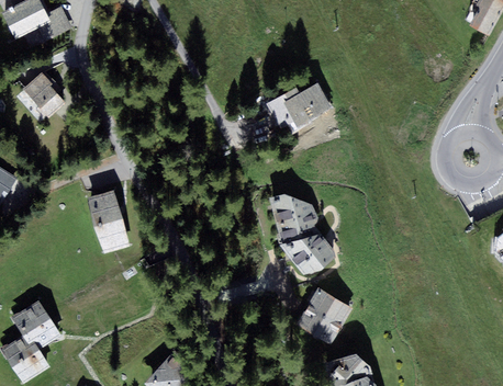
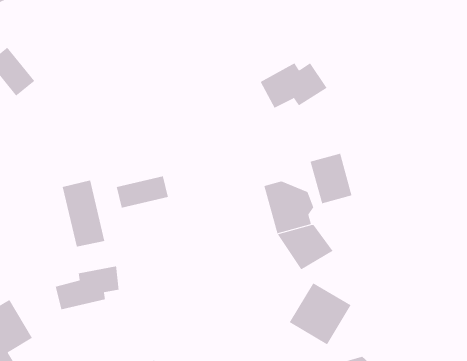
building: none -> [310,153,352,204]
building: none -> [116,176,168,209]
building: none -> [55,265,119,310]

